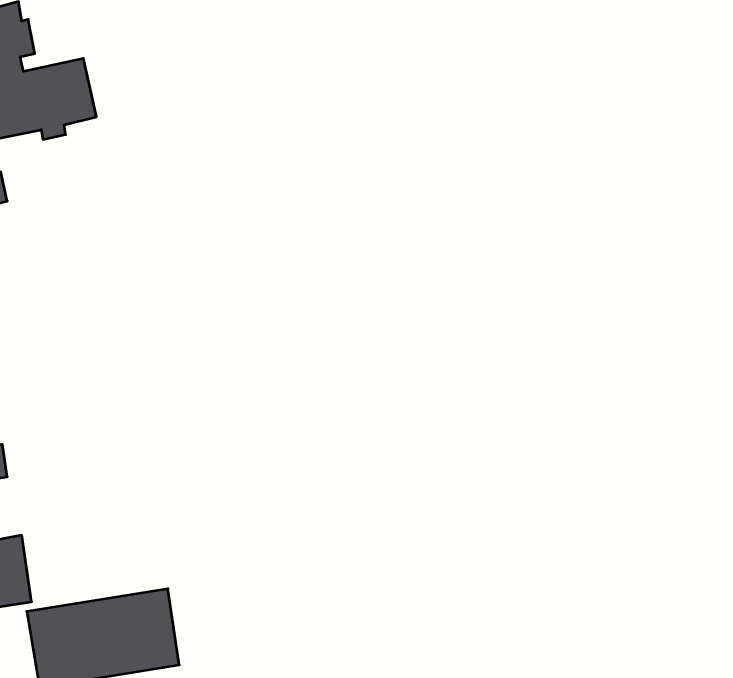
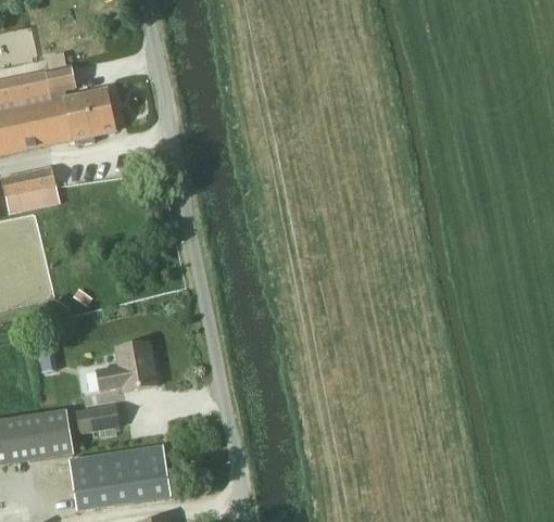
building: none -> [96,341,156,391]
building: none -> [77,405,117,435]

